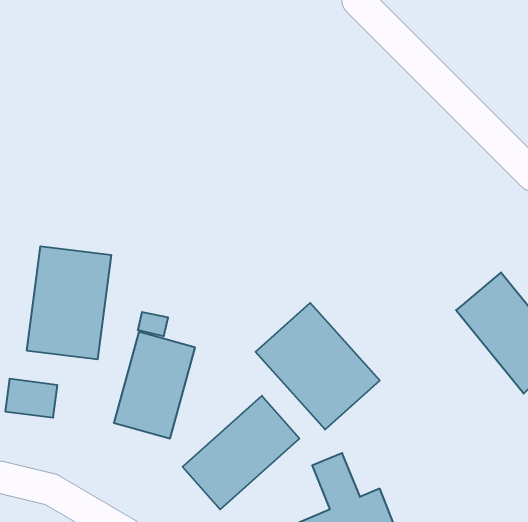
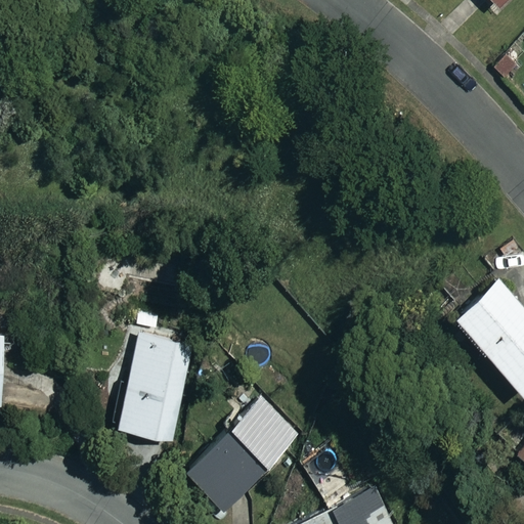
building: [27,246,111,359] -> none
building: [256,303,380,430] -> none

